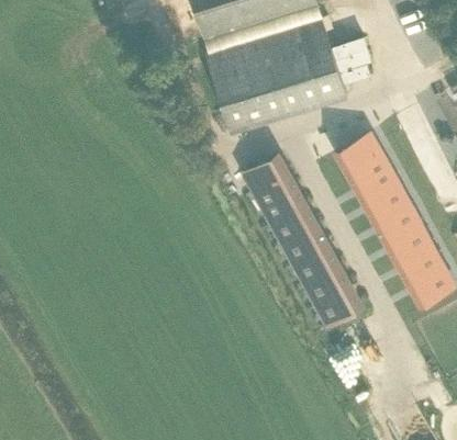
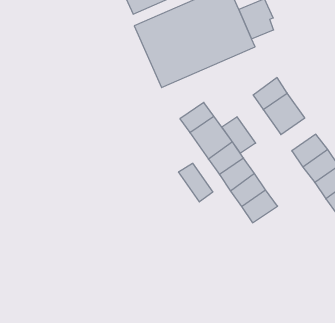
building: none -> [222,117,256,153]
building: [364,185,405,223] -> none
building: none -> [179,163,213,202]
building: [319,286,361,325] -> none

